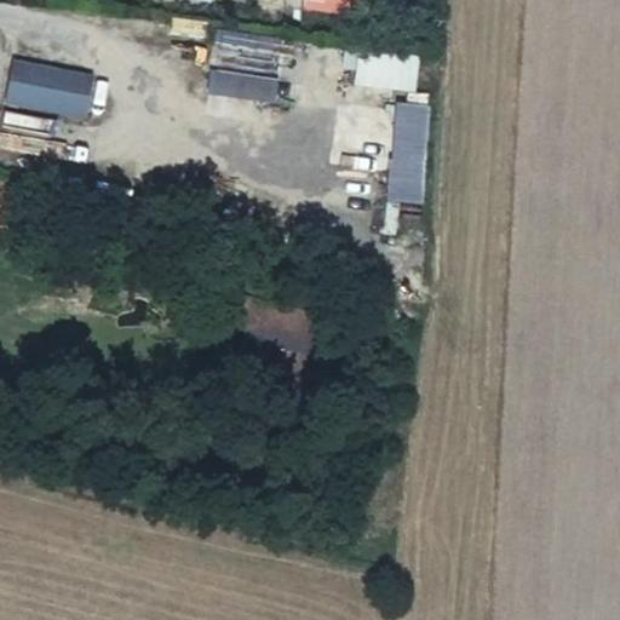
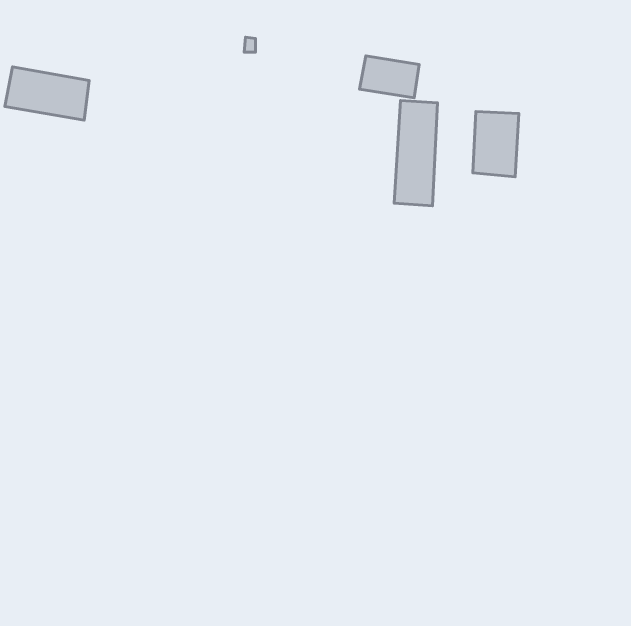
building: [211,67,280,97] -> none
building: none -> [473,112,519,177]

